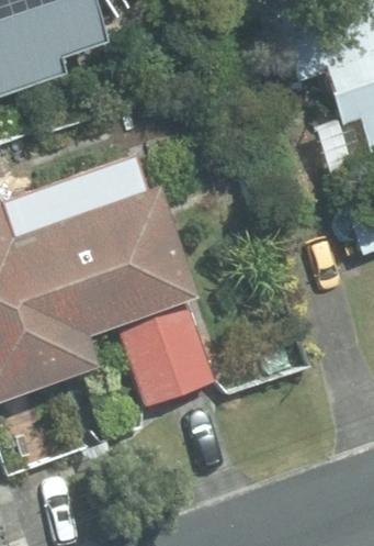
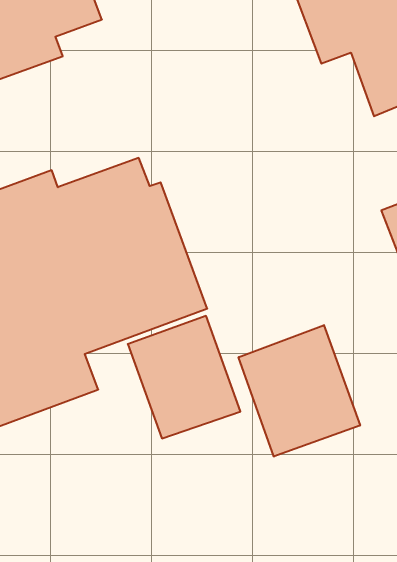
building: none -> [239,325,360,457]

